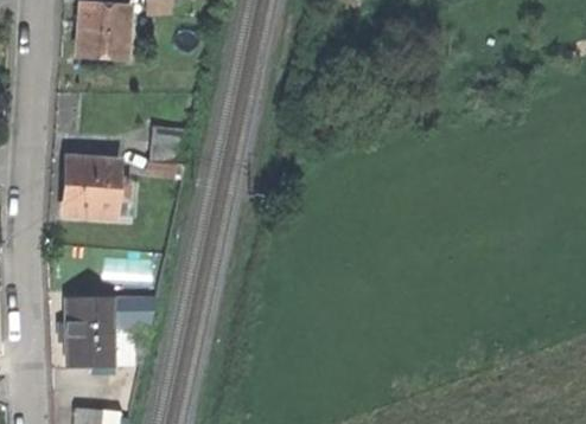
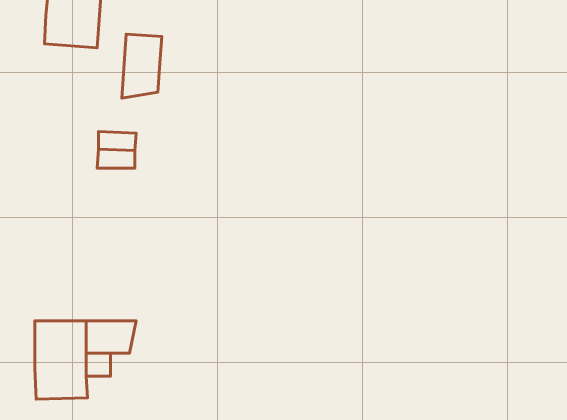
building: none -> [122,34,162,98]
building: [66,160,127,214] -> none

